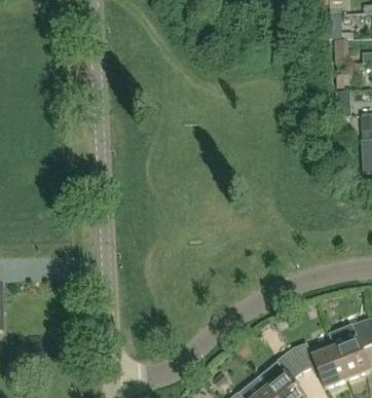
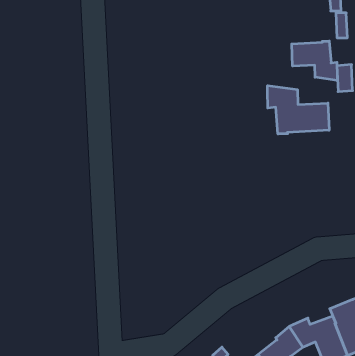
building: none -> [292,41,337,81]
building: none -> [267,86,329,134]

